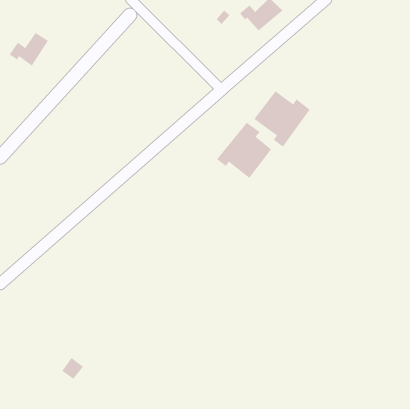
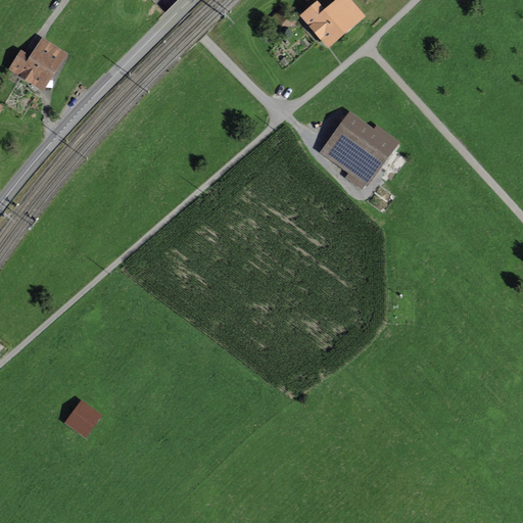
building: [216,122,272,179] -> none
building: [61,357,84,380] -> [69,403,98,432]

